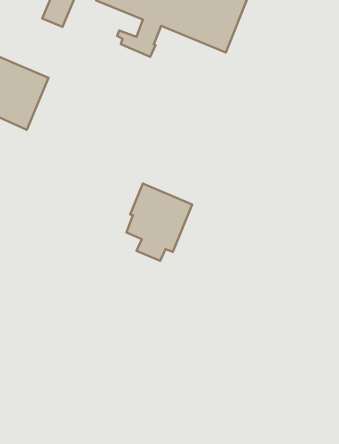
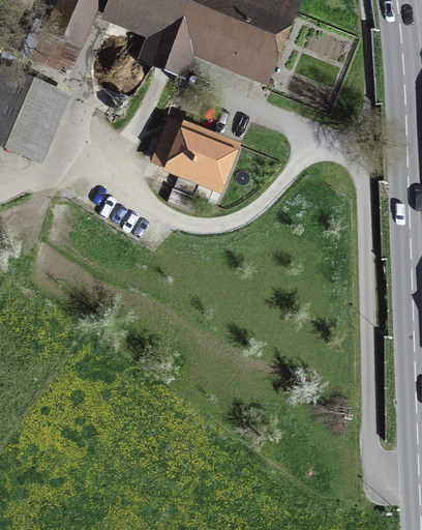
building: [126,183,192,261] -> [158,126,233,214]

